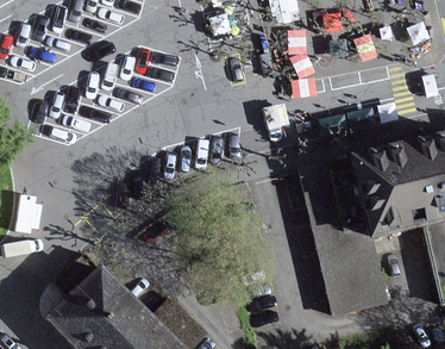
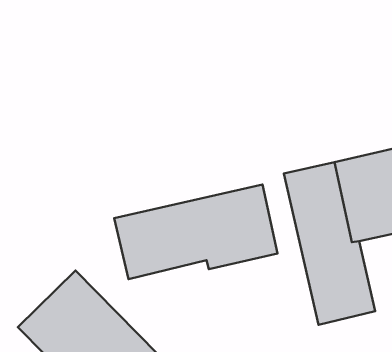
building: none -> [114,184,278,279]

